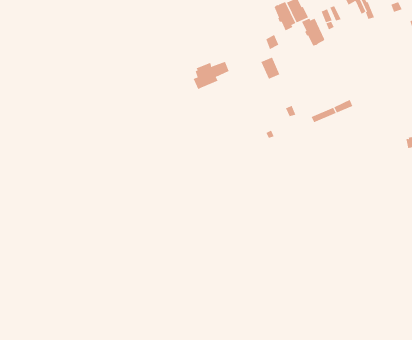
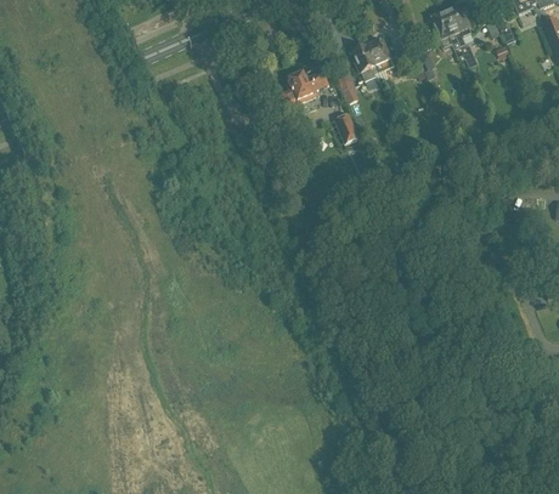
building: [301,18,325,47] -> none
building: [193,61,229,90] -> [282,69,327,104]

